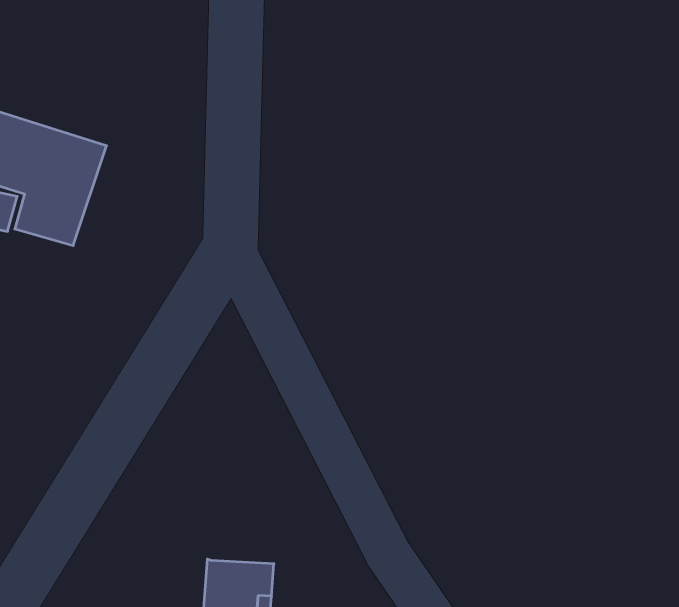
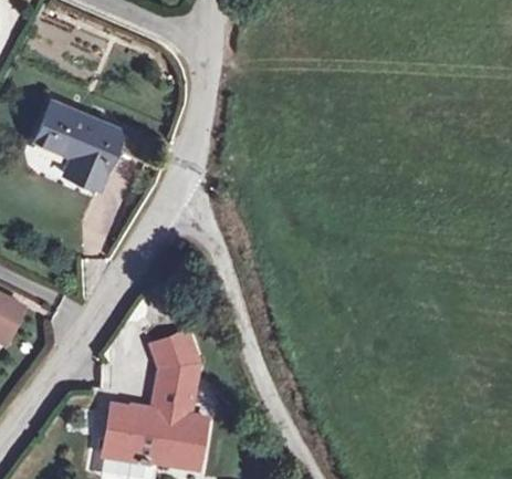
building: none -> [150,332,200,386]

